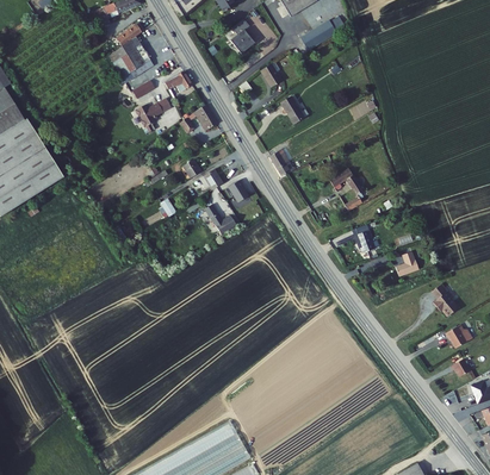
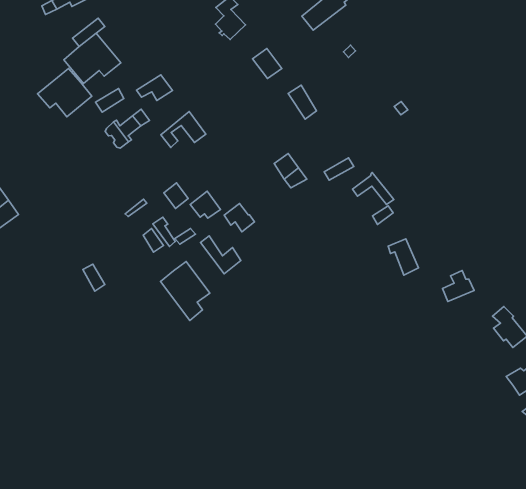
building: none -> [38,68,92,117]
building: none -> [161,262,210,320]

